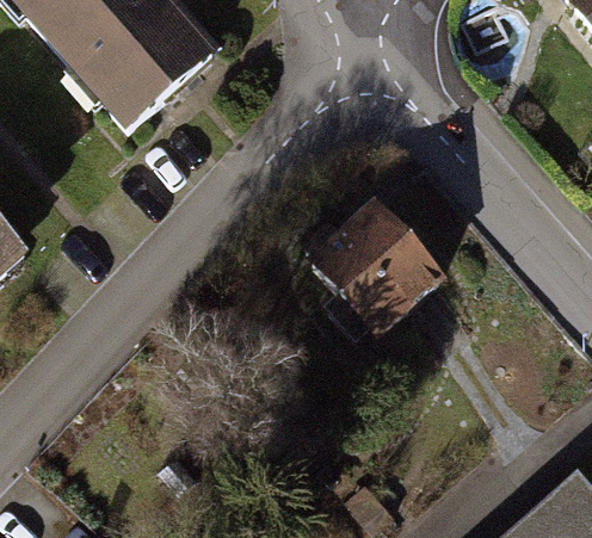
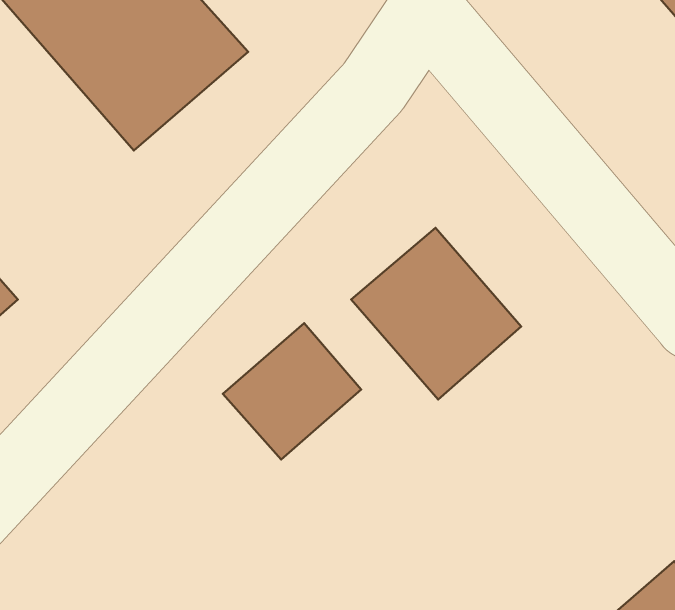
building: none -> [223,323,361,459]

